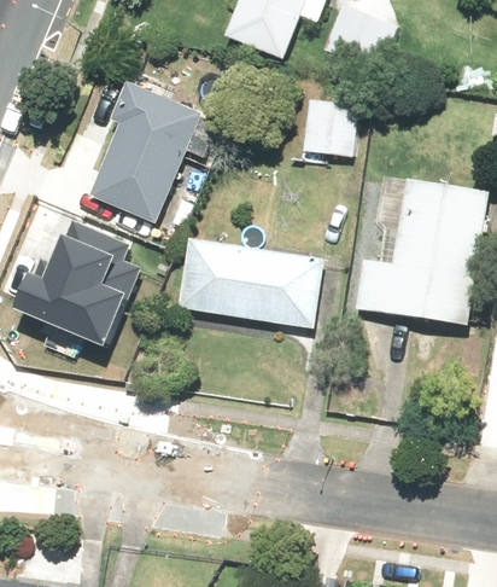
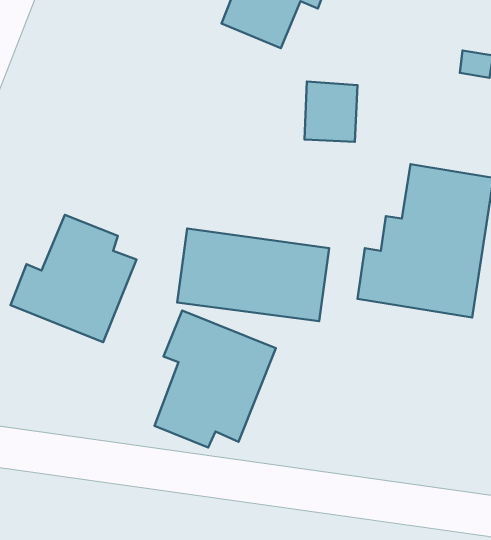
building: [87,77,204,225] -> none
building: none -> [154,310,276,448]

